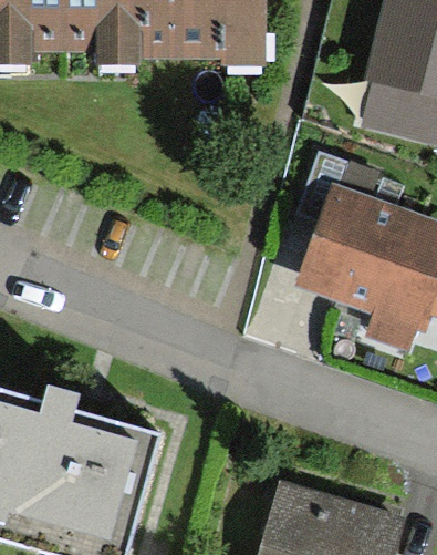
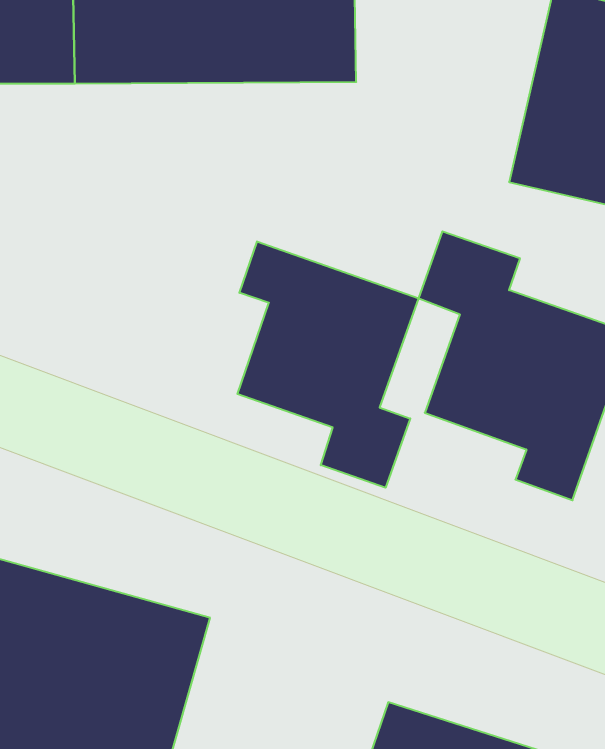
building: none -> [237,241,418,488]

